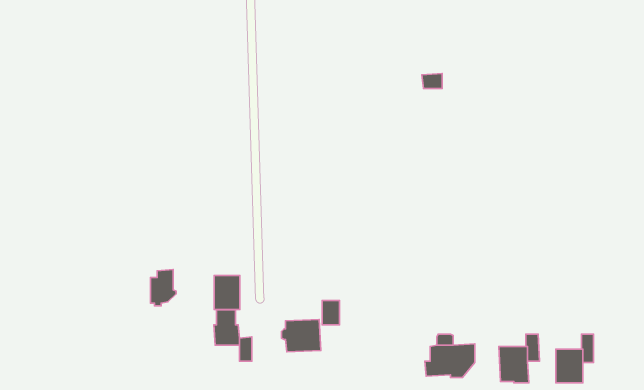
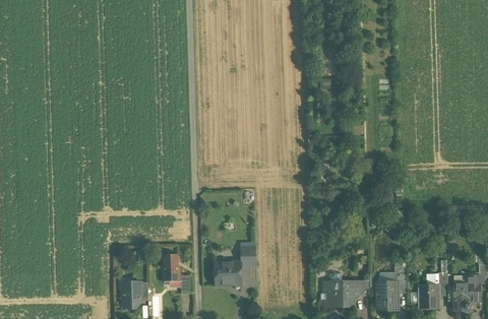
building: [150,269,176,306] -> [123,282,142,310]
building: [214,275,240,309] -> none
building: none -> [453,276,480,311]

